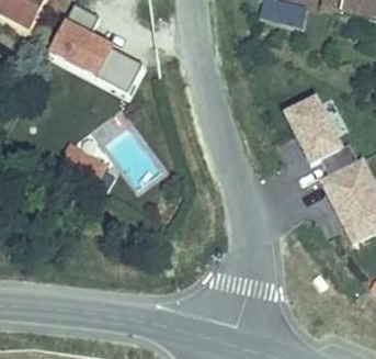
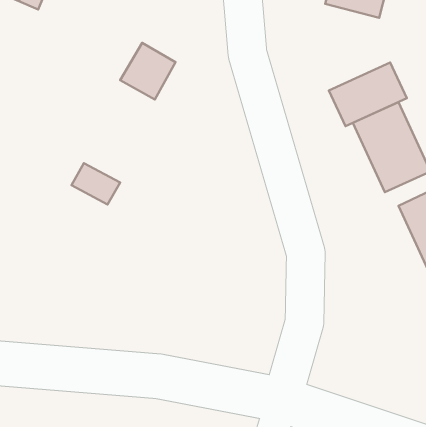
building: [46,19,114,77] -> none
building: none -> [329,62,407,126]

